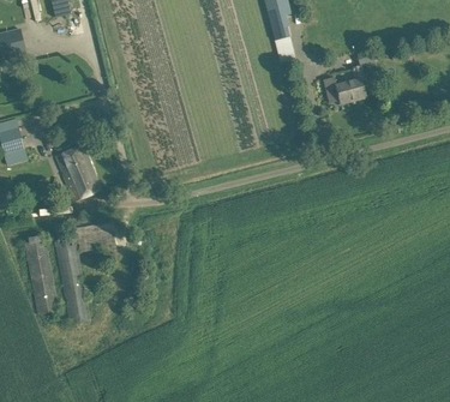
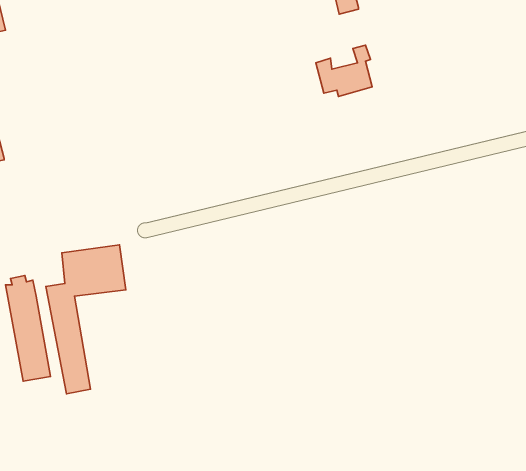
building: [323,66,365,104] -> [316,45,372,97]
building: [55,144,100,200] -> none

